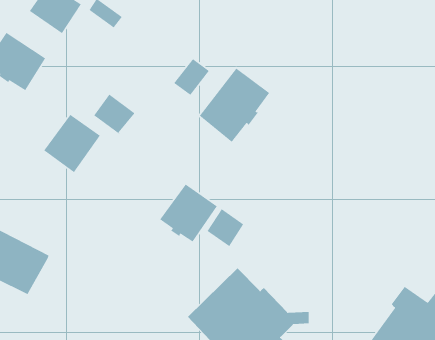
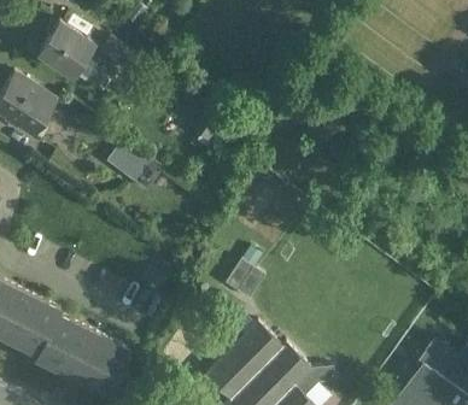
building: [199,67,270,143] -> none
building: [43,114,101,173] -> none
building: [159,183,218,243] -> none
building: none -> [35,313,131,394]

